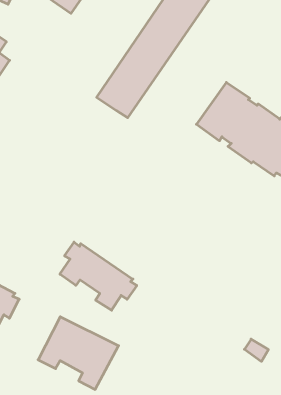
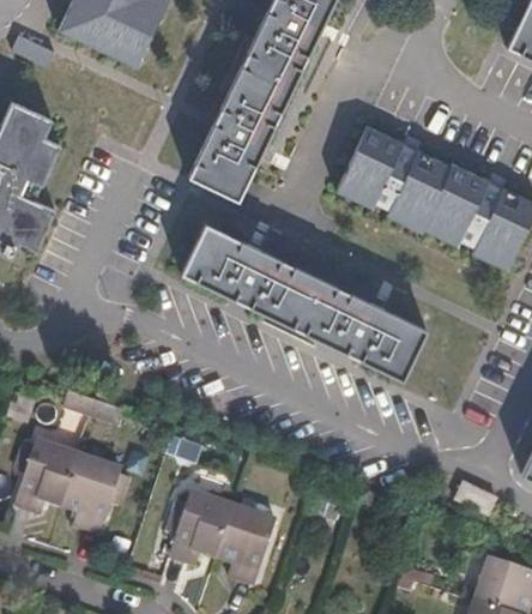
building: none -> [182,224,425,378]
building: [60,242,137,310] -> none

